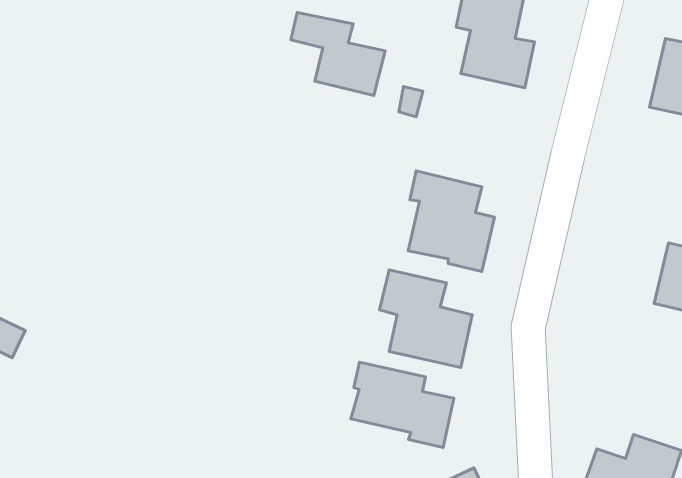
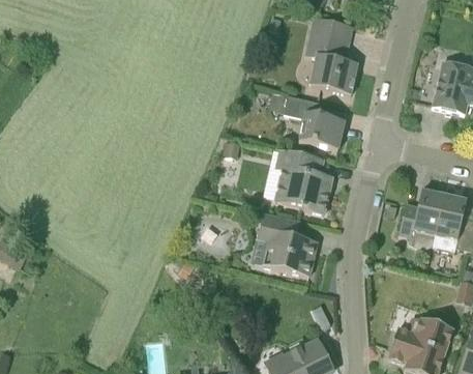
building: [291,13,385,96] -> [284,94,345,148]
building: none -> [398,190,444,236]
building: [351,362,454,448] -> none

